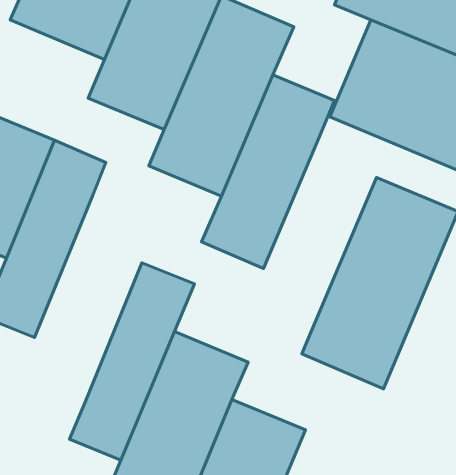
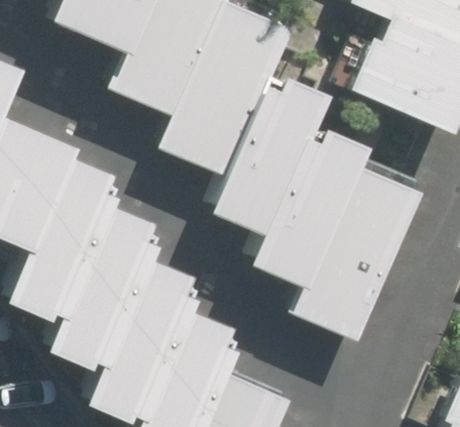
building: none -> [243,130,359,299]
building: none -> [45,181,166,358]

